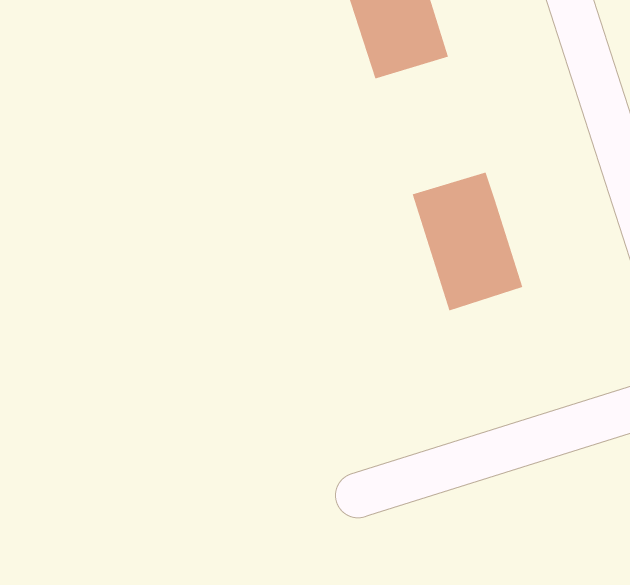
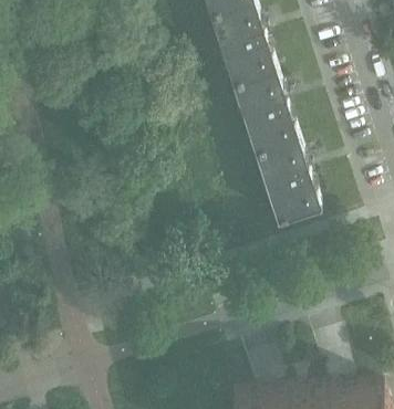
building: none -> [234,75,300,157]

